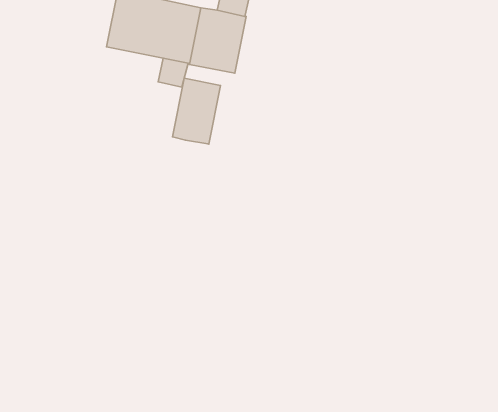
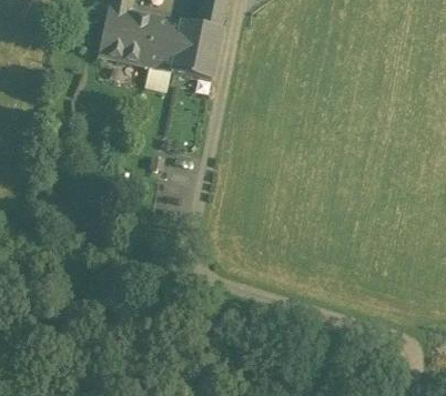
building: [173,78,221,144] -> none

